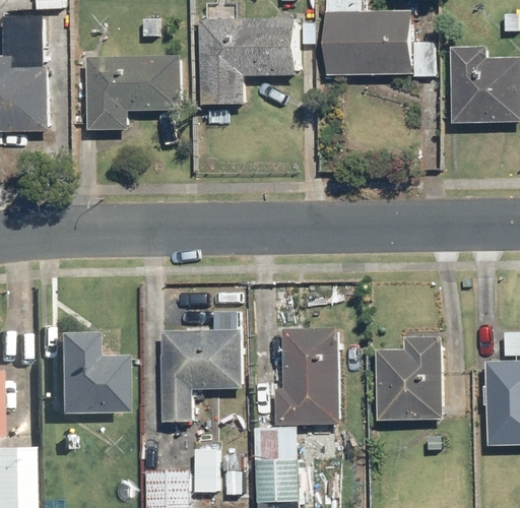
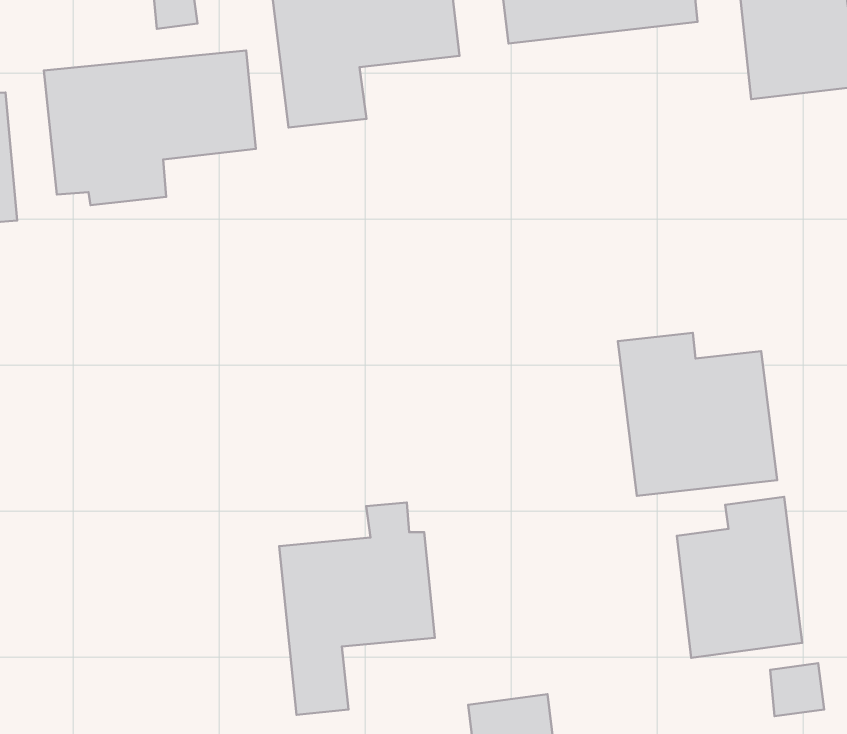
building: none -> [618,333,777,496]
building: [272,329,339,425] -> none
building: [52,332,120,412] -> none

